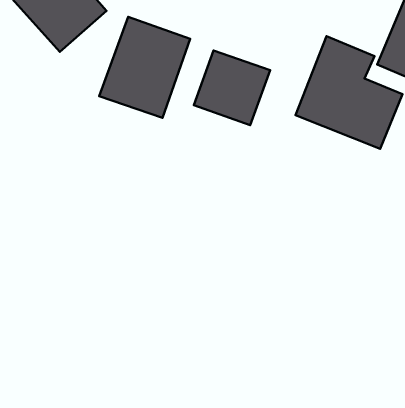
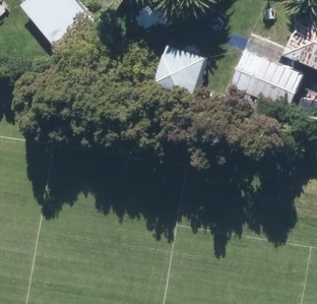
building: [99,17,190,118] -> none

